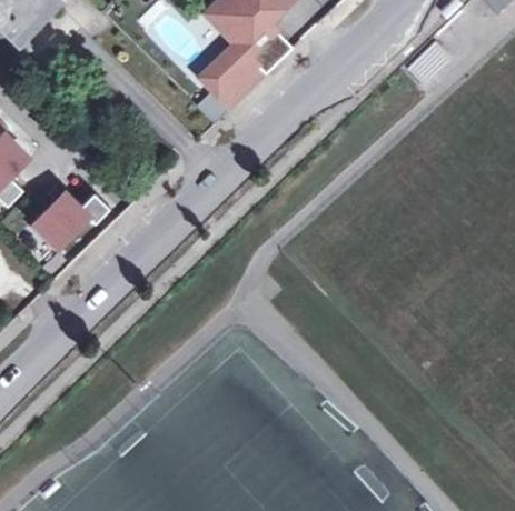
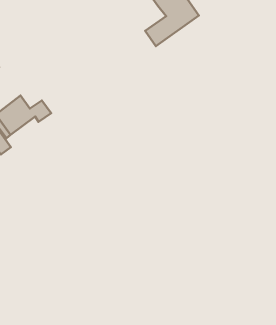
building: [199,40,247,104] -> none

